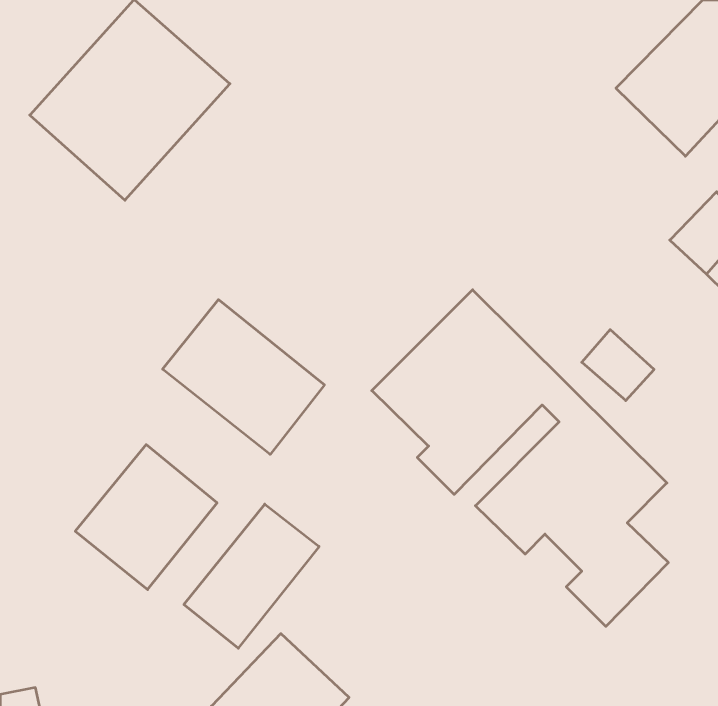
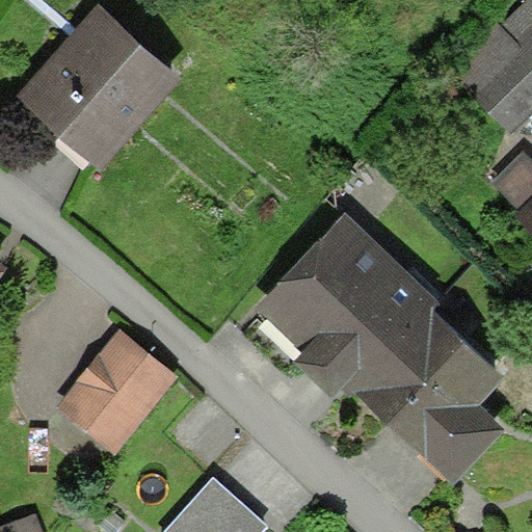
building: [163,300,324,454] -> none
building: [184,504,319,648] -> none

